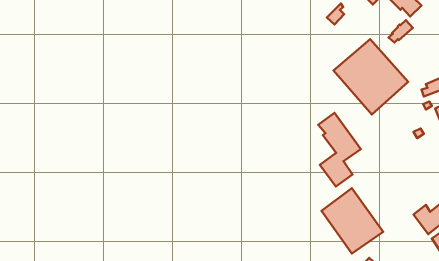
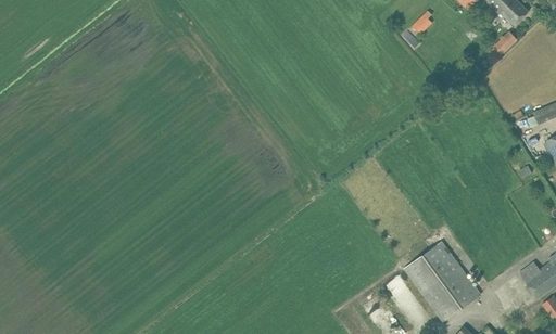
building: [333,39,408,114] -> none
building: [318,113,361,186] -> none

